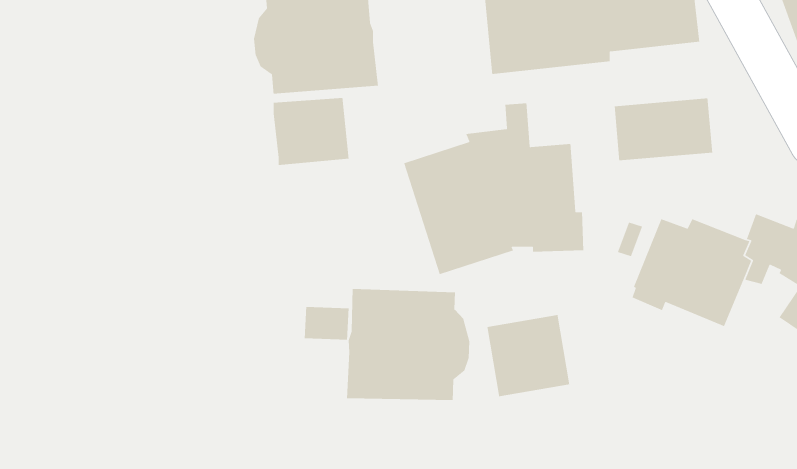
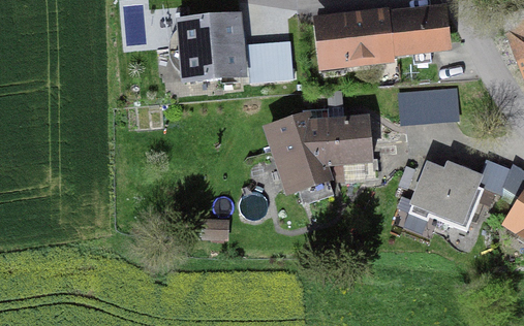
building: [273,97,350,166] -> [245,39,294,83]
building: [346,288,470,401] -> none
building: [487,314,570,397] -> none

